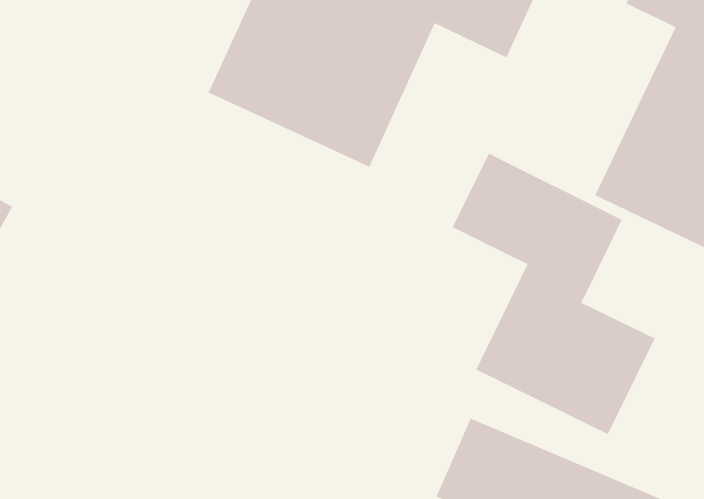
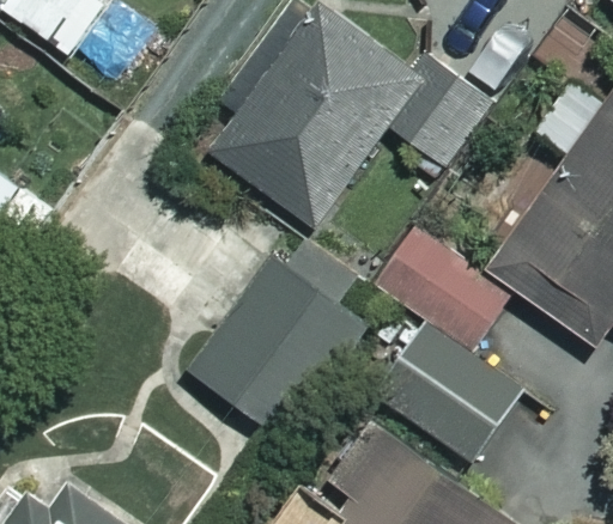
building: none -> [188,258,366,440]

